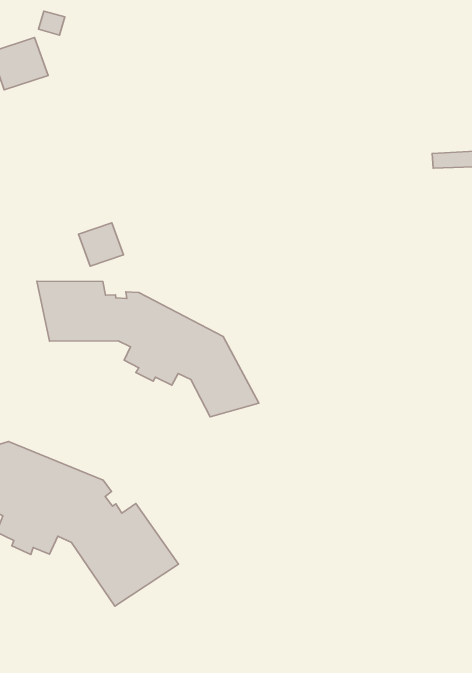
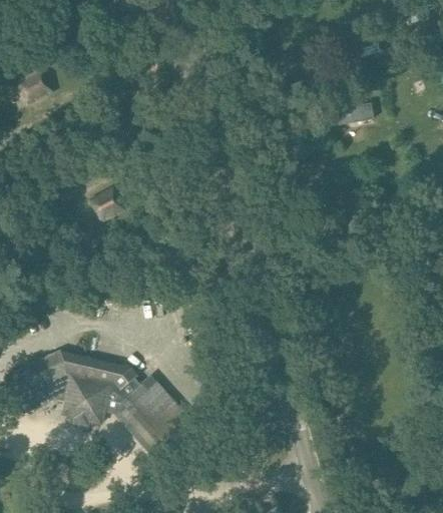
building: [37,281,259,417] -> none

